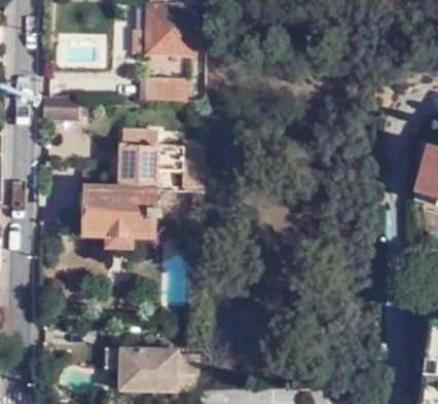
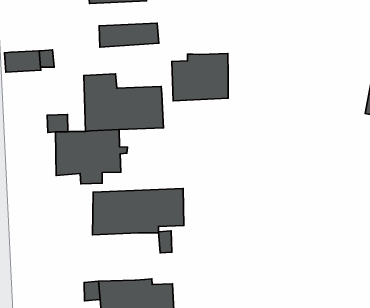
building: none -> [172,53,228,101]
building: none -> [93,188,184,235]

